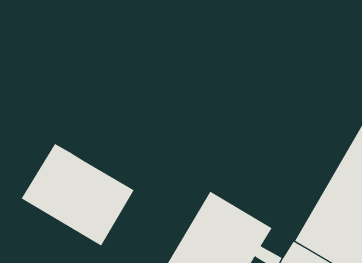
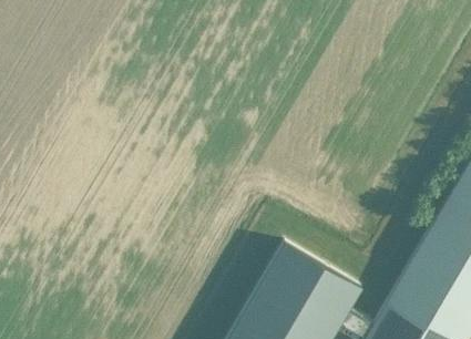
building: [21,143,134,246] -> none

